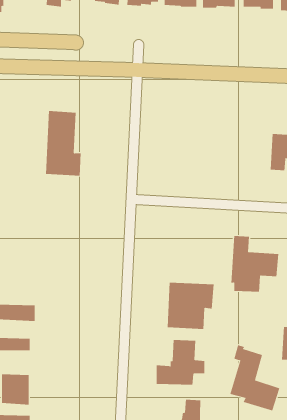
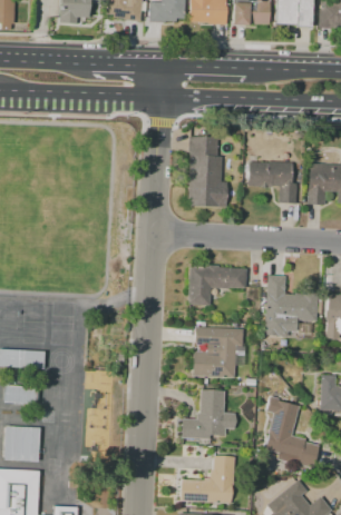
building: [45,110,82,176] -> [185,135,225,207]
building: none -> [247,161,295,202]
building: none -> [188,265,244,305]

